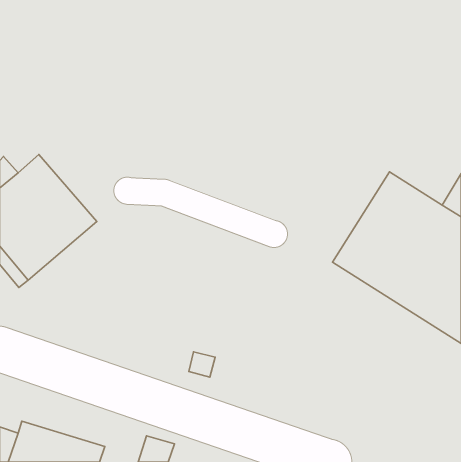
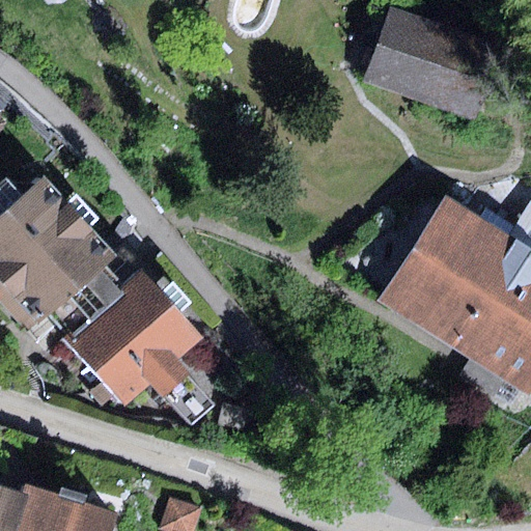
building: none -> [365,8,501,117]
building: none -> [68,274,203,404]

